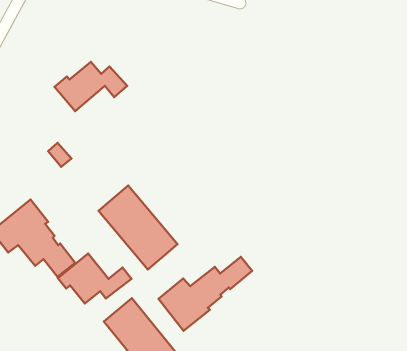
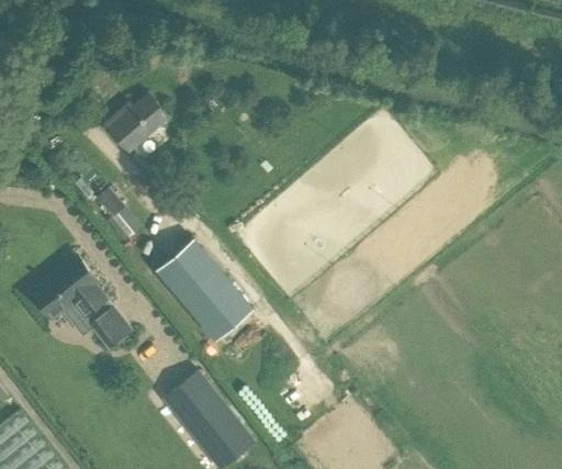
building: [58,254,131,303] -> none
building: [158,257,252,331] -> none

